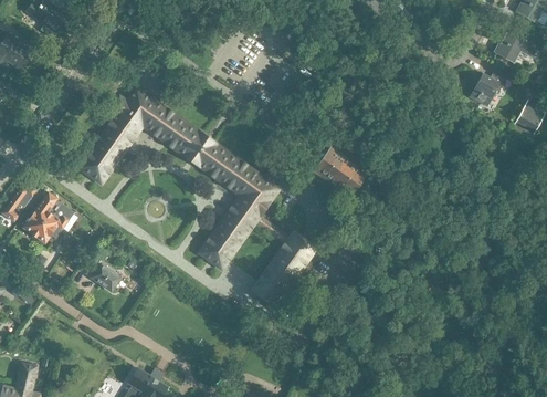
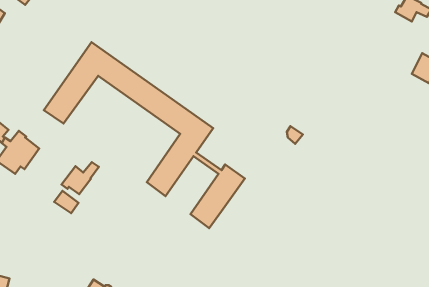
building: [469,71,506,106] -> none
building: [313,147,369,196] -> none
building: none -> [62,162,99,194]

